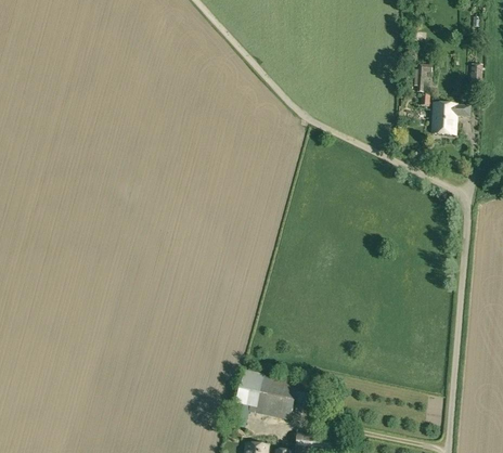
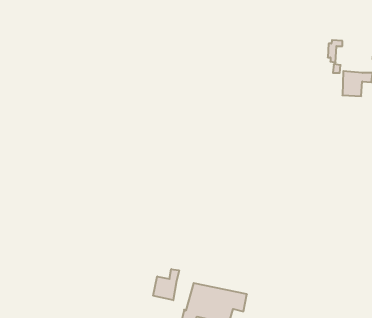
building: none -> [153,269,179,300]

